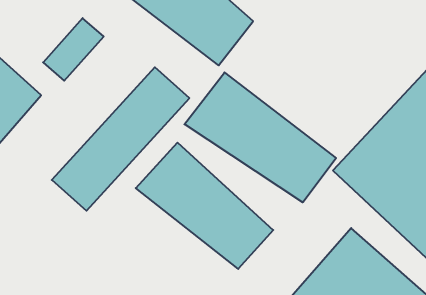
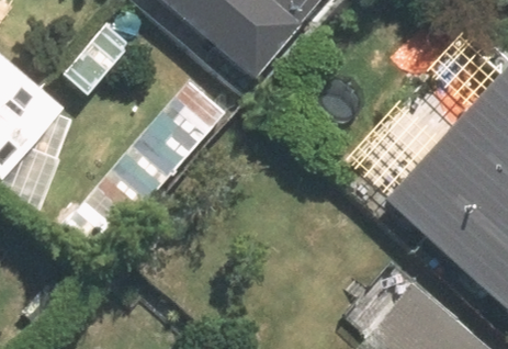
building: [184,72,336,202] -> none
building: [136,143,273,269] -> none

